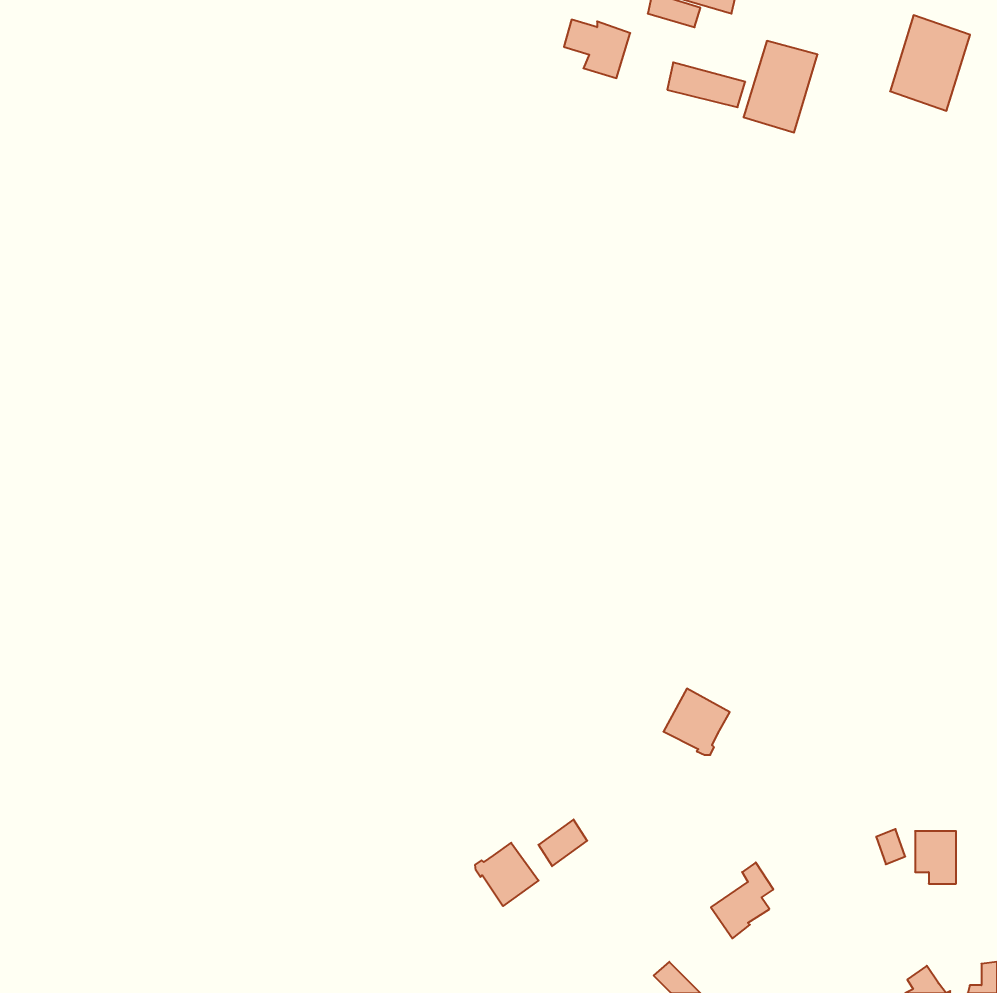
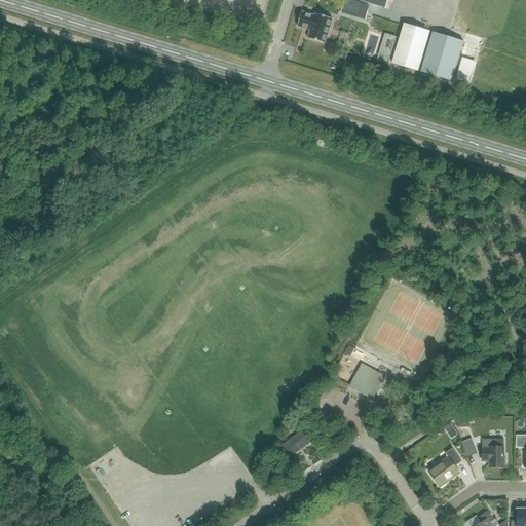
building: [890,15,970,111] -> [420,30,462,80]
building: [475,843,539,906] -> none
building: [711,862,773,938] -> [428,446,461,486]

